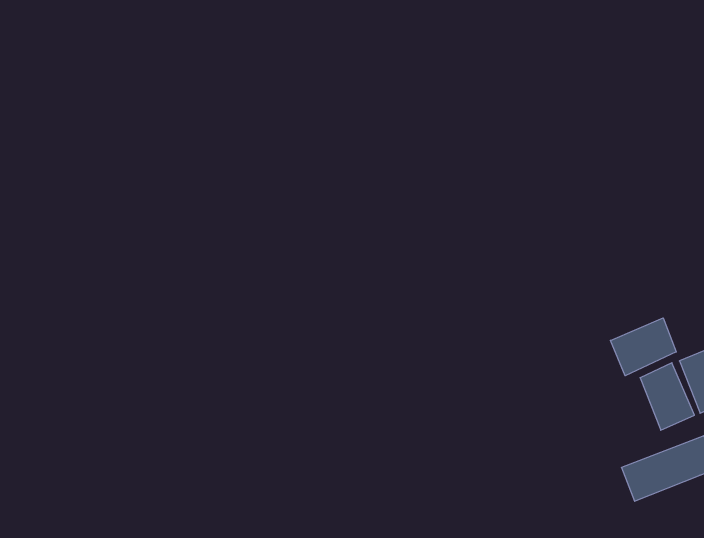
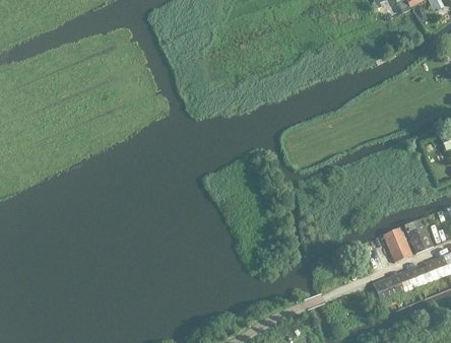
building: [610,318,676,376] -> none

